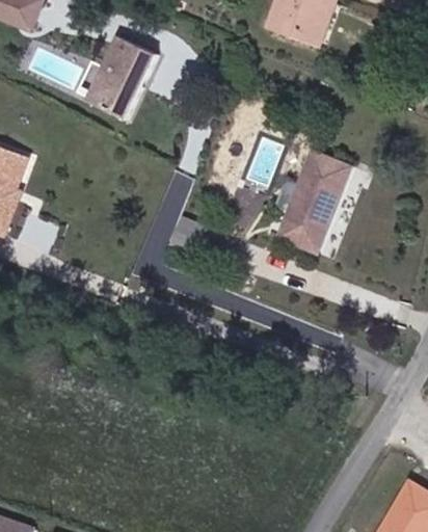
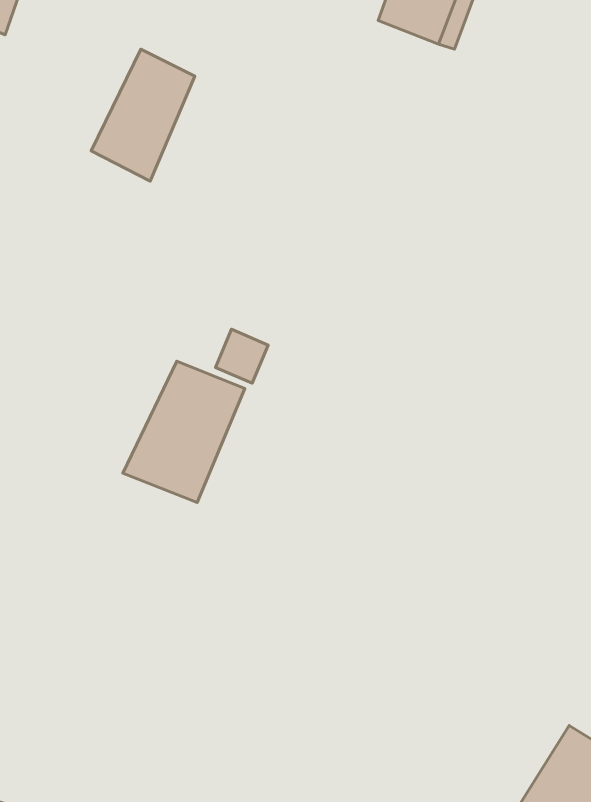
building: [280,153,352,251] -> none
building: none -> [123,361,245,502]

